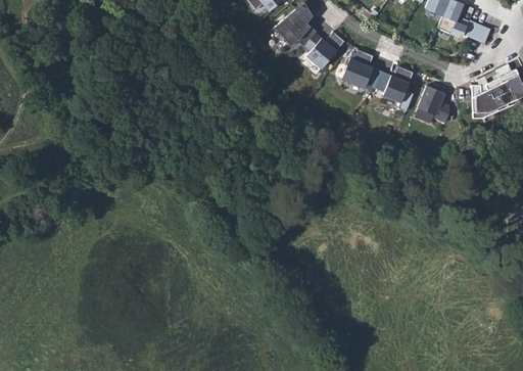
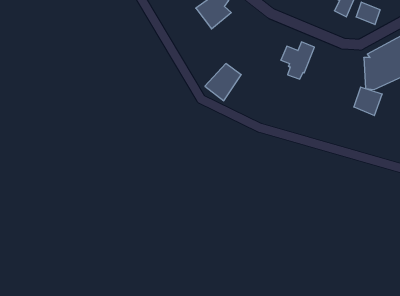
building: [303,31,346,75] -> [205,64,241,101]
building: [342,49,381,87] -> none
building: [414,83,447,117] -> [354,87,382,116]

